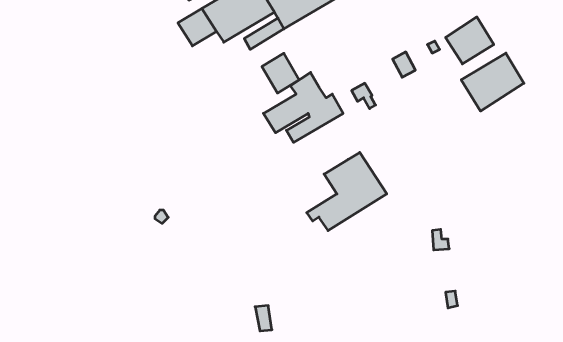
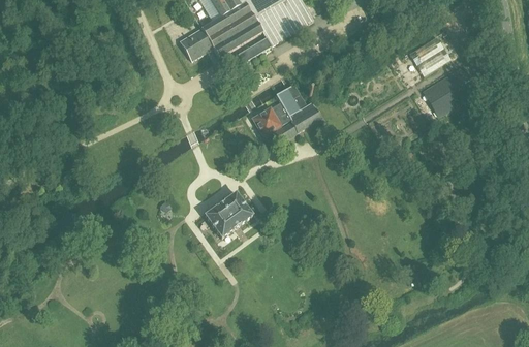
building: [262,53,299,93] -> none
building: [307,152,387,231] -> none
building: none -> [205,193,251,238]

